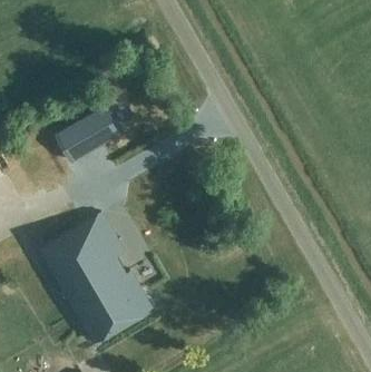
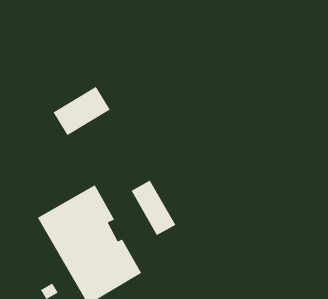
building: none -> [130,179,176,236]

